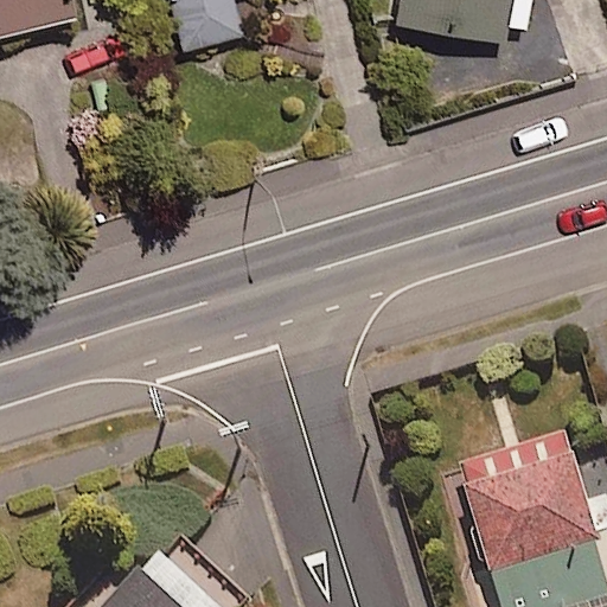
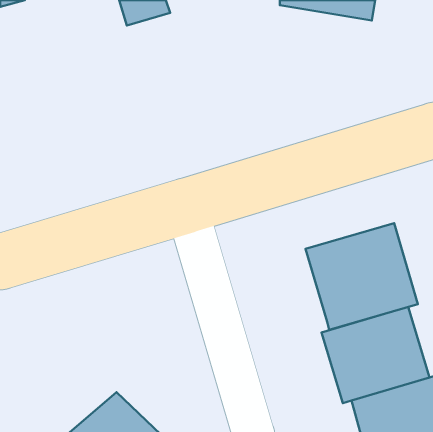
building: none -> [305,223,418,330]

